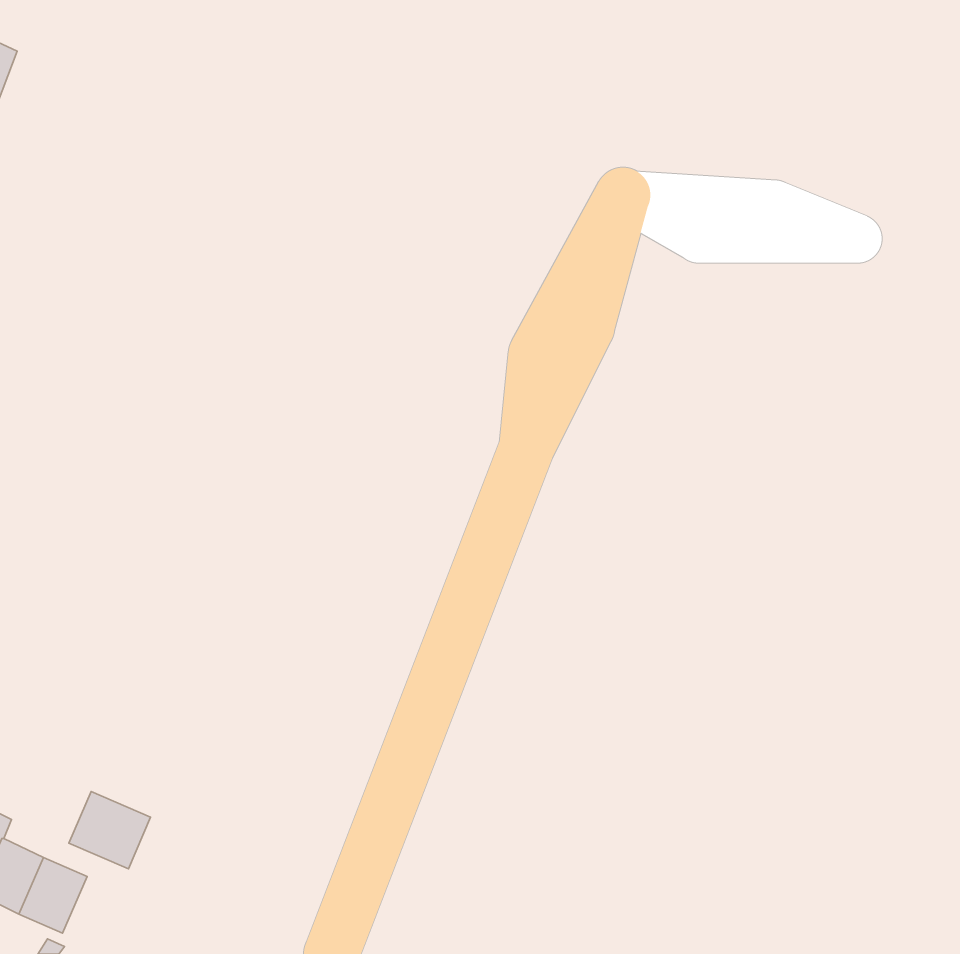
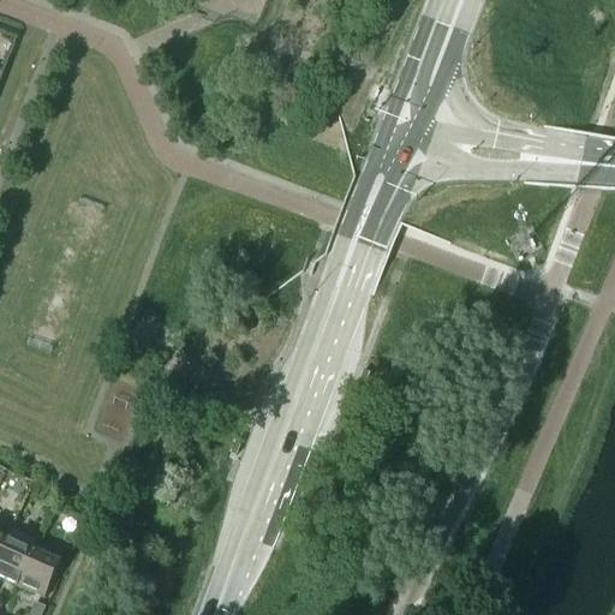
building: [69,792,151,869] -> none

